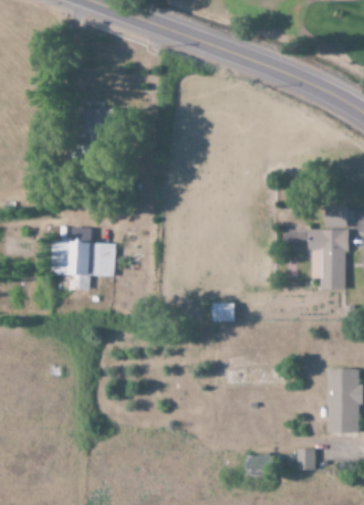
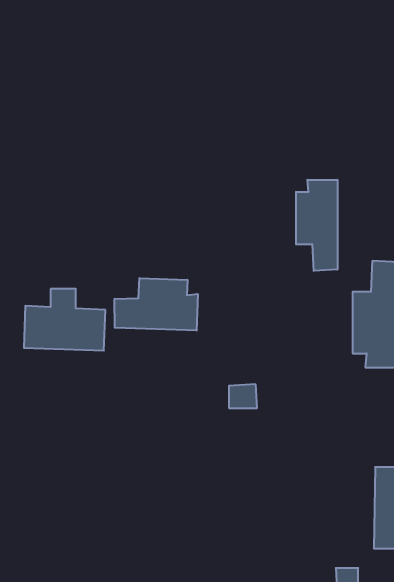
building: none -> [296,180,337,271]
building: none -> [115,278,198,331]

